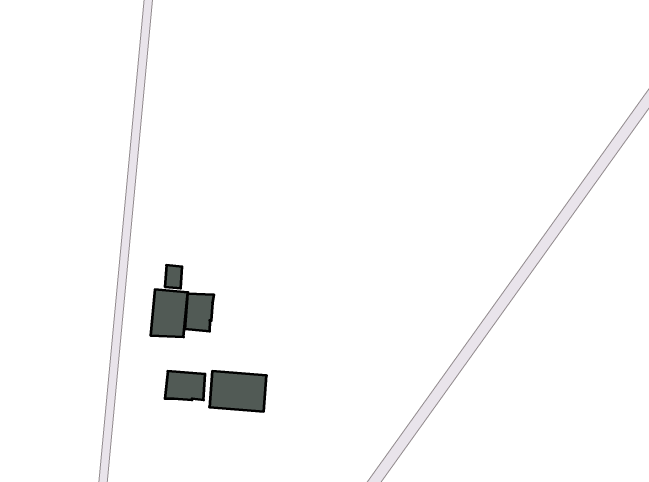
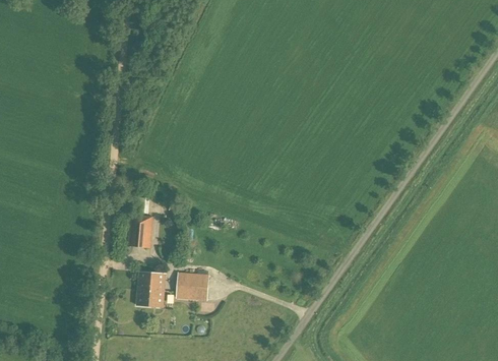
building: [185,293,214,331] -> none
building: none -> [139,292,168,308]

